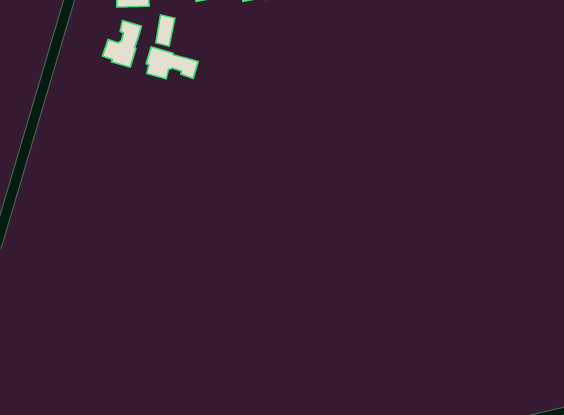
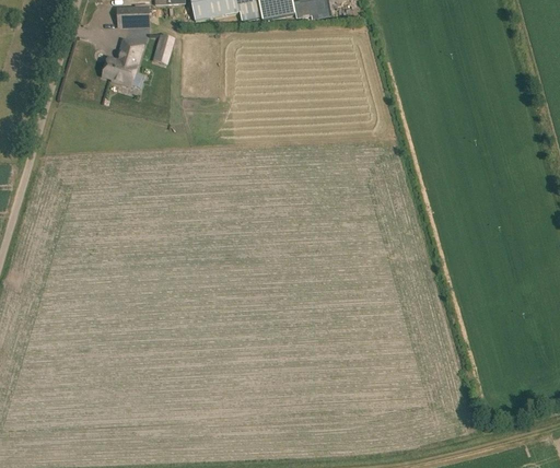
building: [146,47,198,79] -> none

